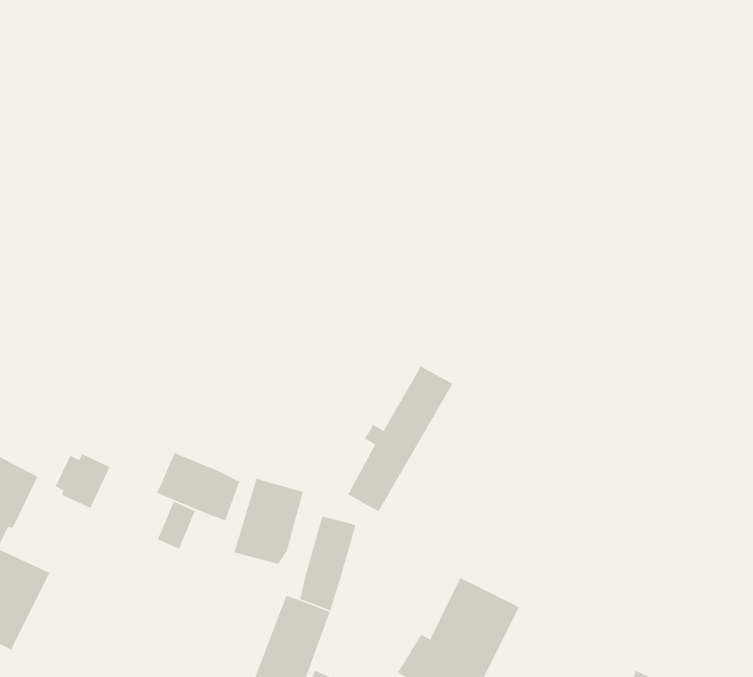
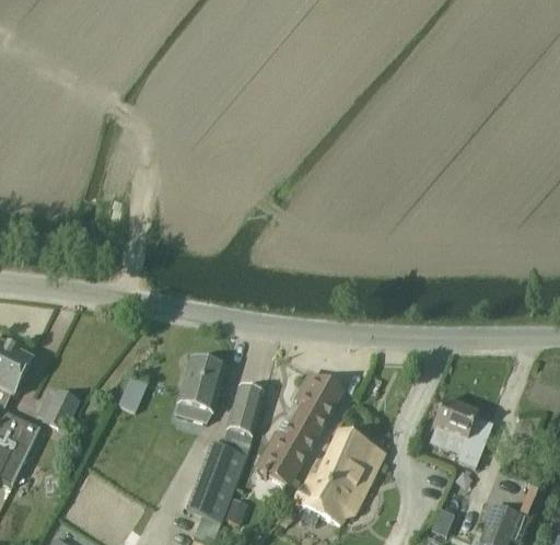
building: [347,365,454,512] -> [265,376,342,484]
building: [156,452,240,521] -> none
building: [55,453,110,509] -> [38,389,79,429]
building: none -> [431,399,492,465]

